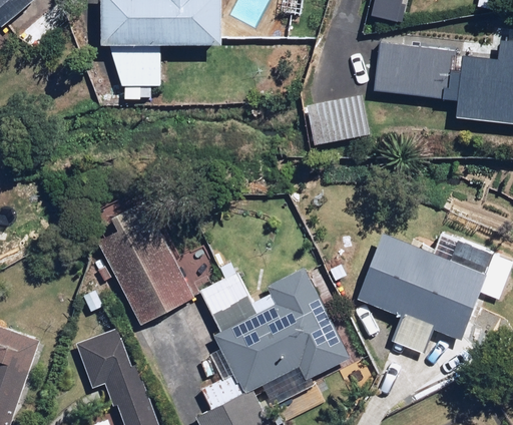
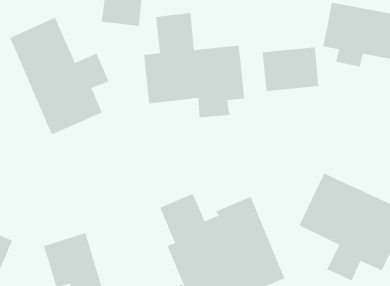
building: none -> [144,12,245,118]
building: none -> [9,17,109,135]
building: [88,196,192,323] -> none

